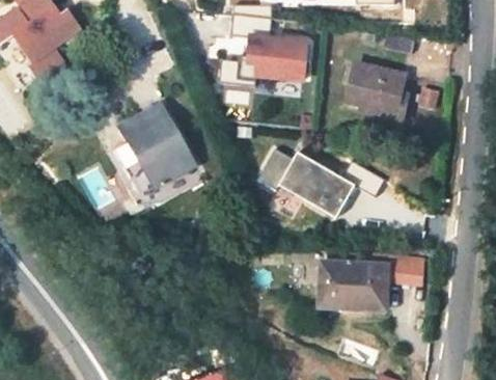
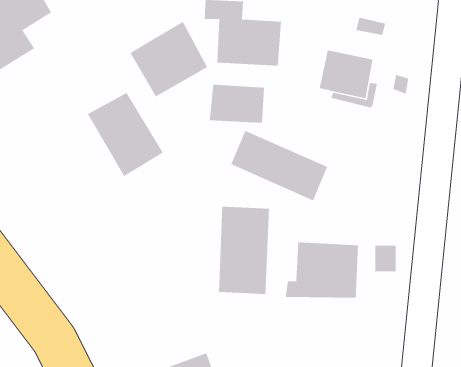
building: none -> [129,21,208,97]
building: none -> [209,84,265,124]
building: none -> [218,206,270,295]

